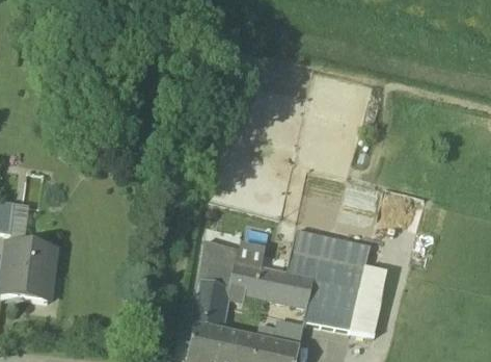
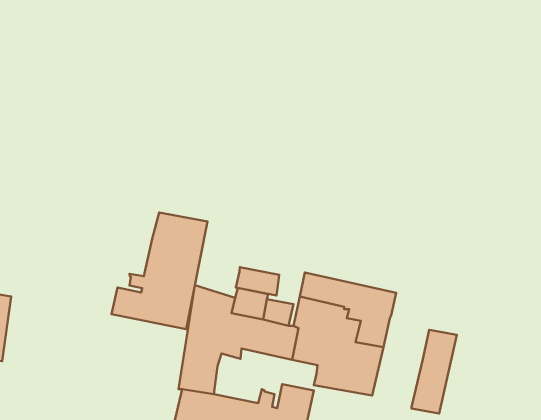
building: none -> [111,213,208,329]
building: none -> [236,267,279,296]
building: [350,265,387,334] -> [411,330,457,414]

